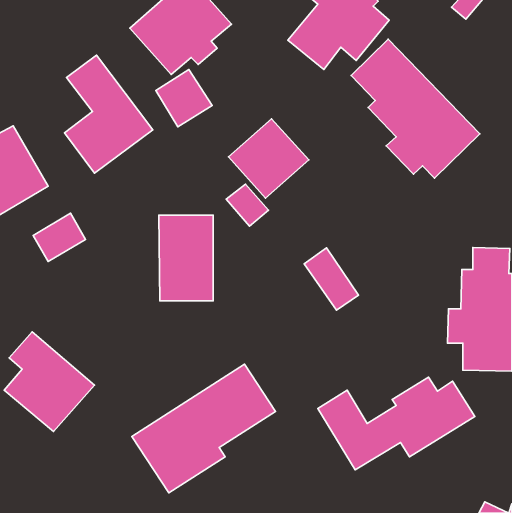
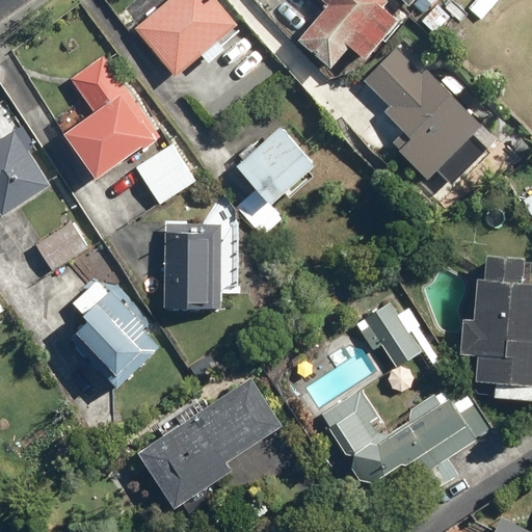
building: [156,69,212,127] -> [137,143,195,203]
building: [304,248,359,310] -> [364,301,420,366]
building: [4,332,95,431] -> [69,280,162,382]

